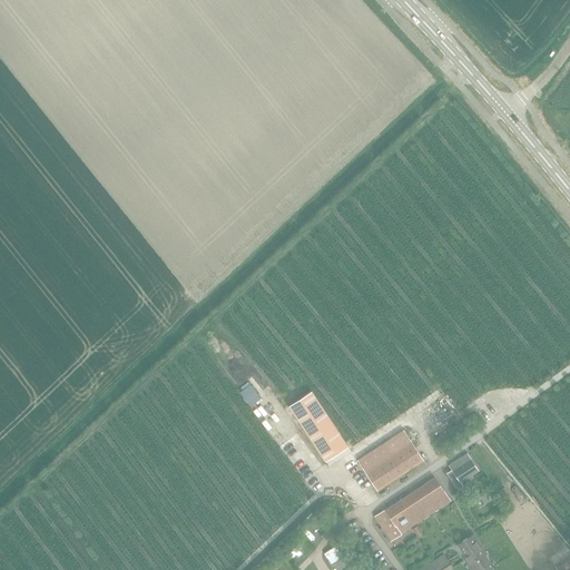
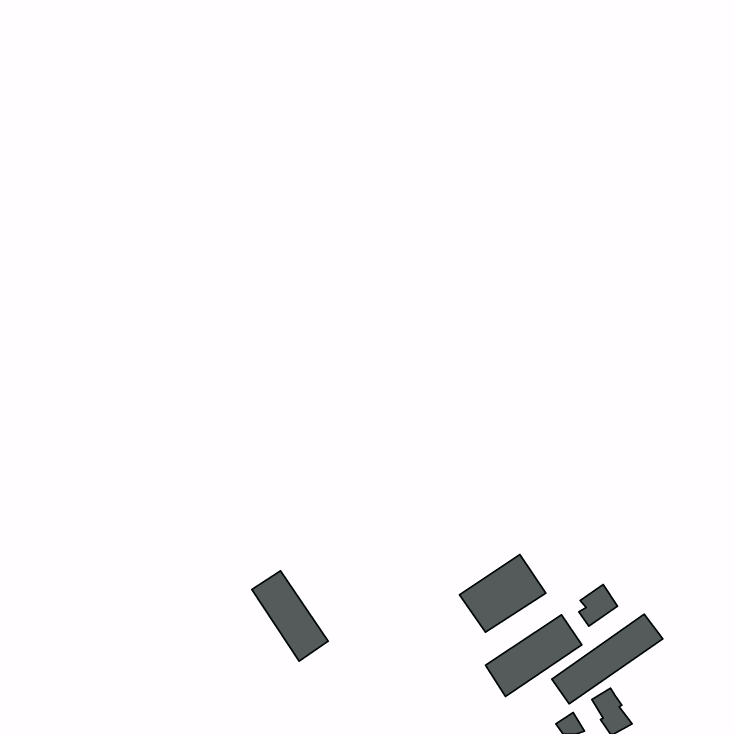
building: [288,391,347,461] -> [252,571,328,661]
building: none -> [552,614,663,704]

